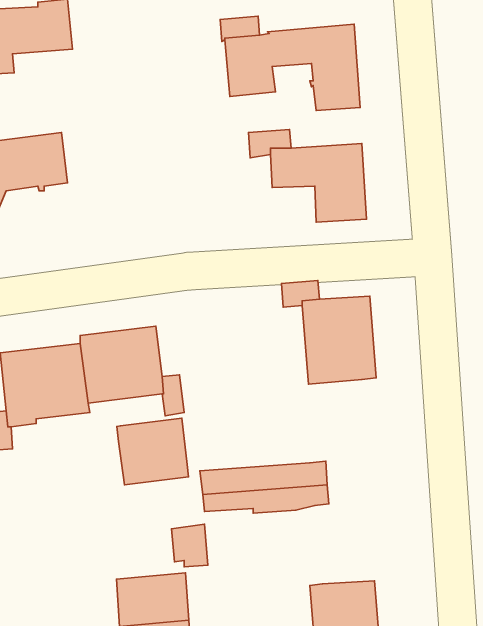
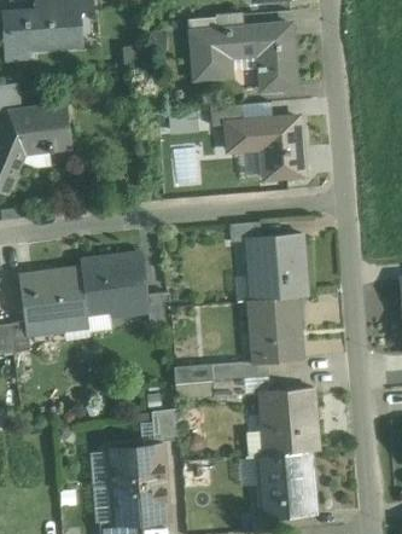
building: none -> [250,296,301,360]
building: [117,418,188,485] -> none
building: none -> [260,388,317,453]

